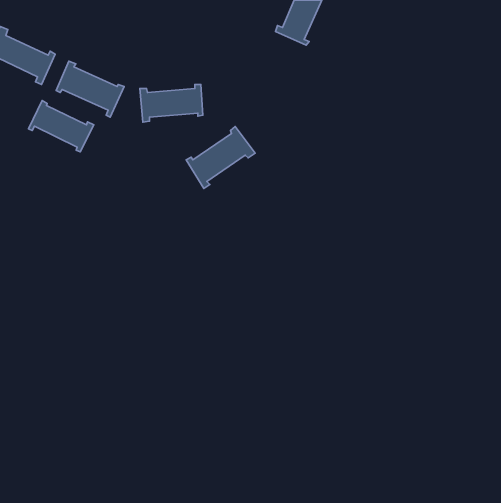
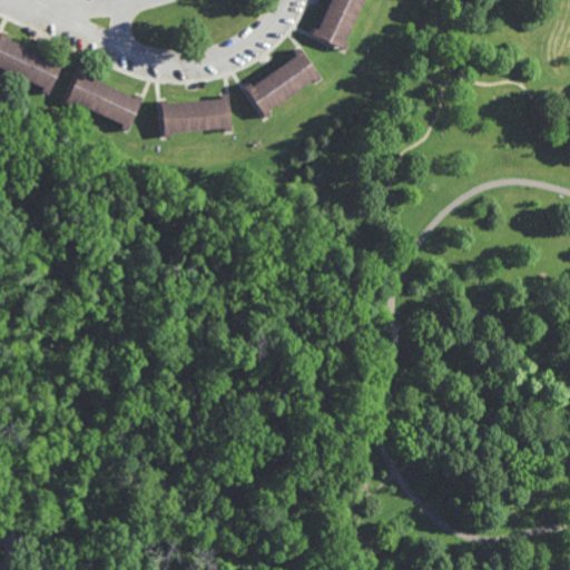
building: [28,101,94,152] -> none
building: [186,126,255,189] -> [244,49,322,119]

